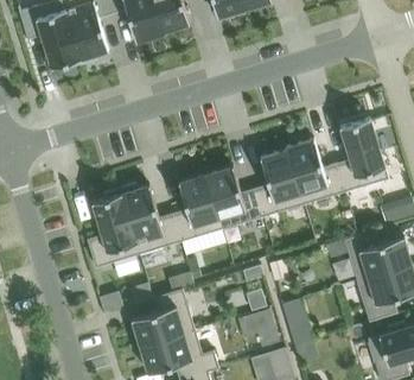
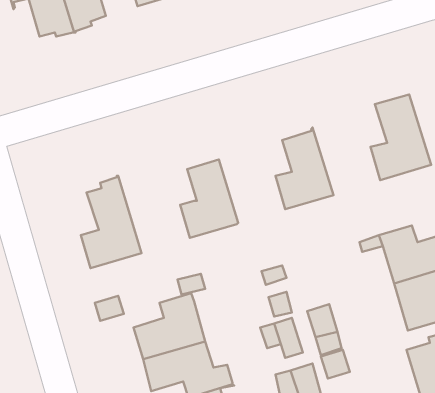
building: [286,138,344,204] -> none
building: [205,165,262,228] -> none
building: [119,183,180,254] -> none

